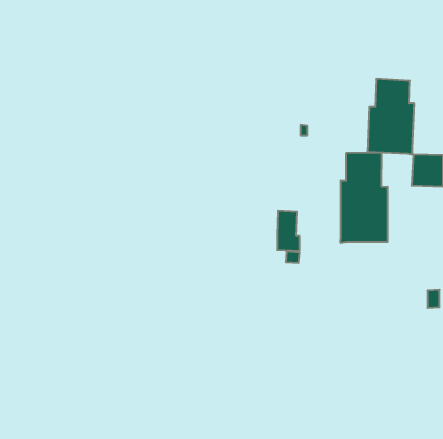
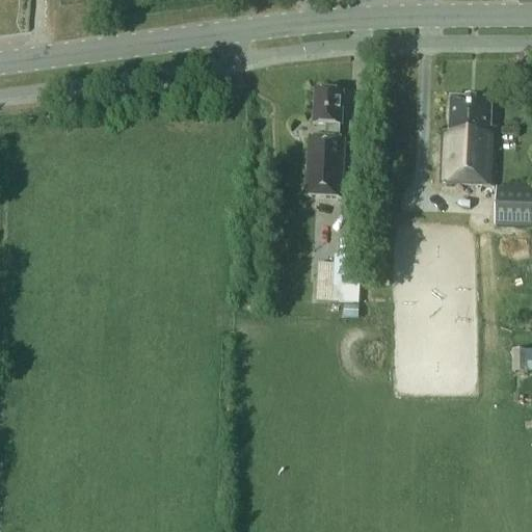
building: none -> [305,88,343,195]
building: [341,152,388,243] -> none

